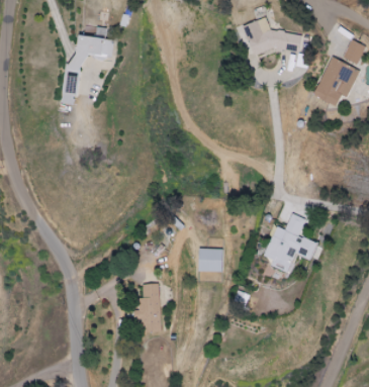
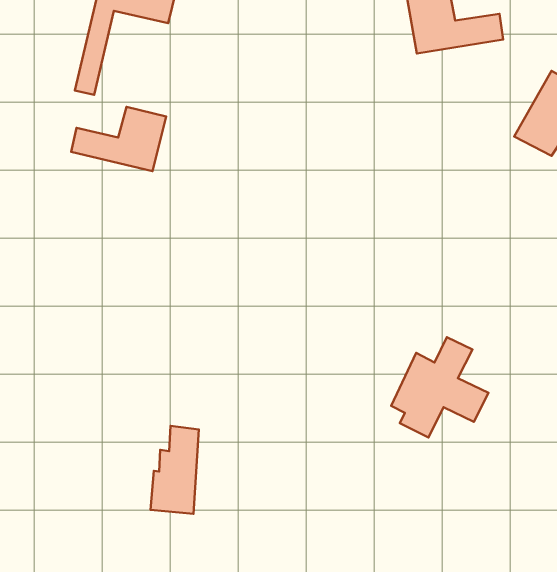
building: none -> [71,107,166,171]
building: [198,249,222,272] -> none

